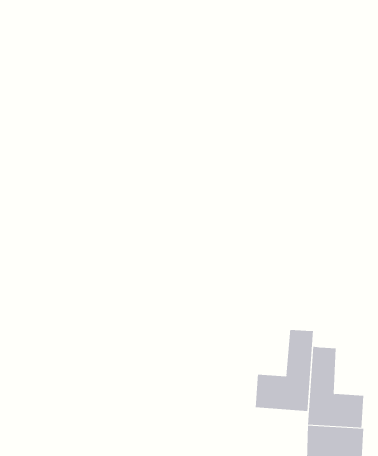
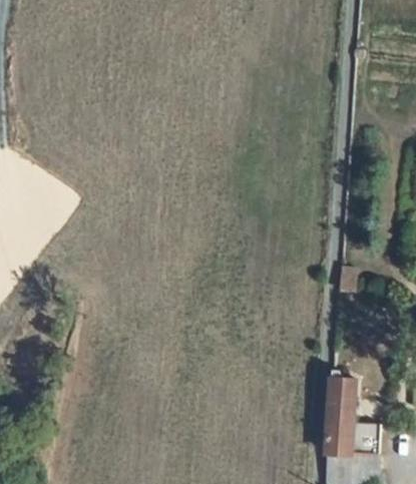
building: [255,329,313,412] -> none

